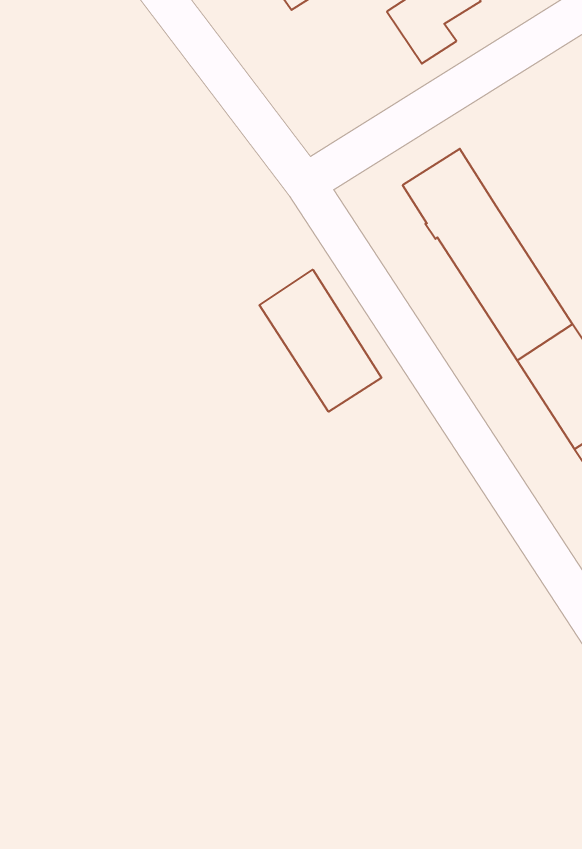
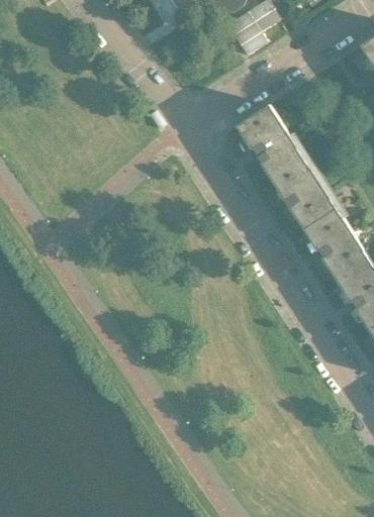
building: [259,270,381,412] -> none

